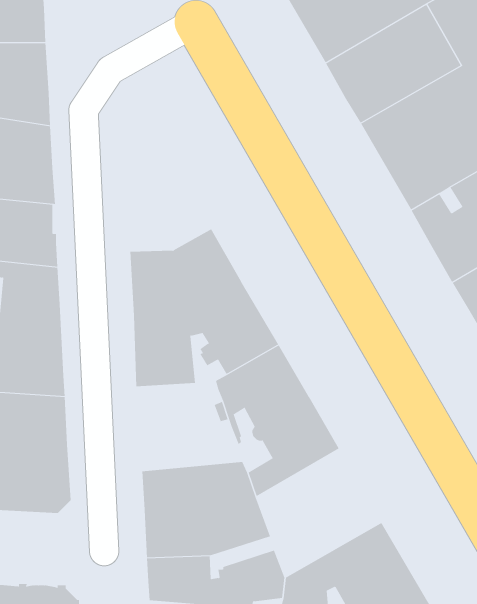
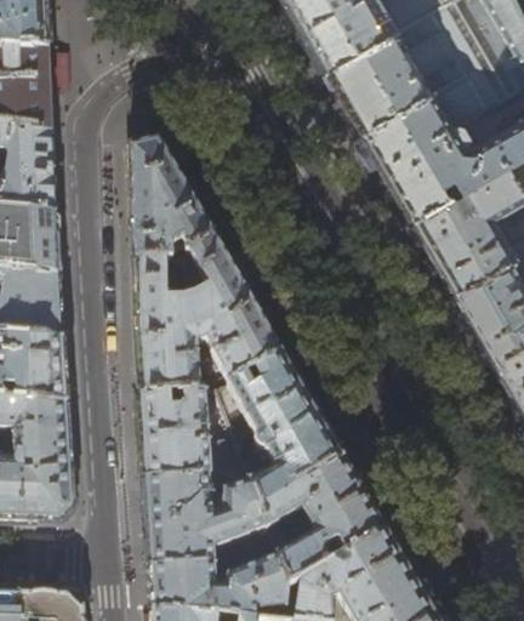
building: none -> [130,139,215,261]
building: none -> [138,391,246,482]
building: none -> [260,458,386,588]

